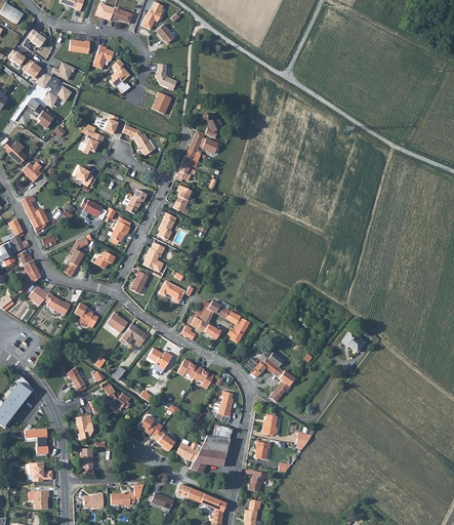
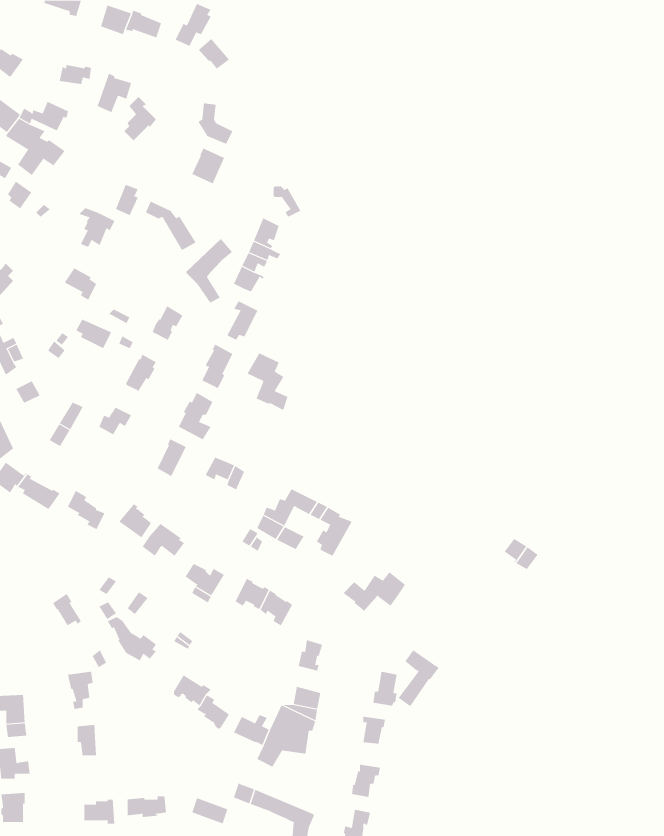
building: none -> [185,238,233,303]
building: none -> [247,353,288,411]
building: [270,367,295,402] -> [398,650,439,706]

